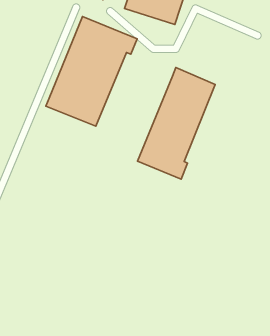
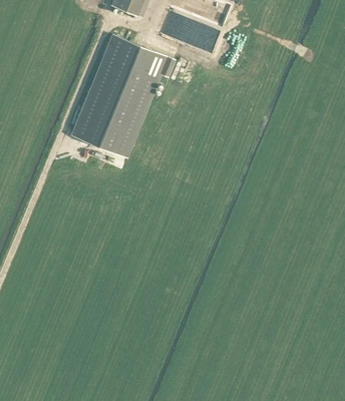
building: [137,67,215,179] -> none

